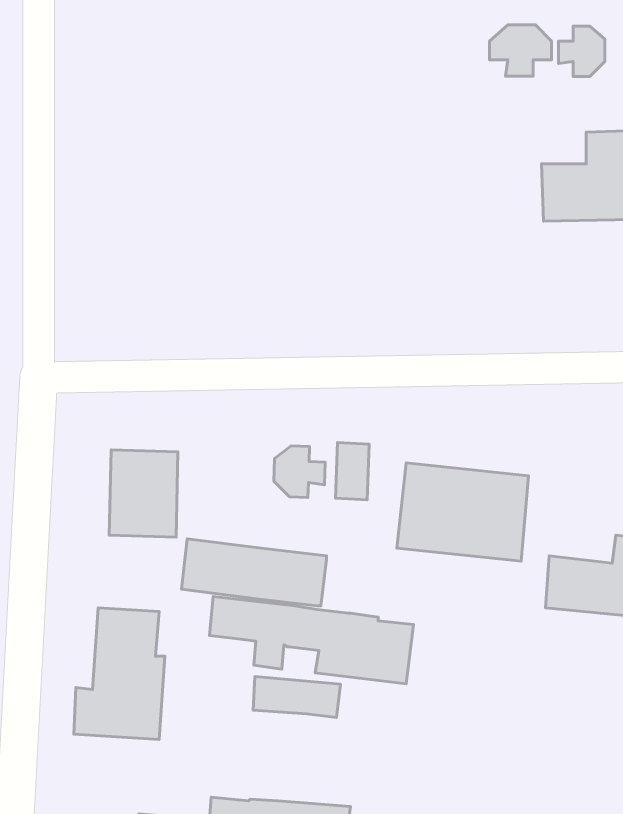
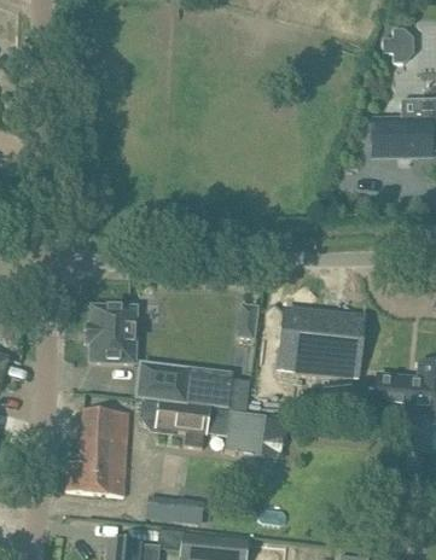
building: [489,25,552,76] -> none
building: [274,446,325,497] -> none
building: [253,677,340,717] -> [147,496,204,523]

